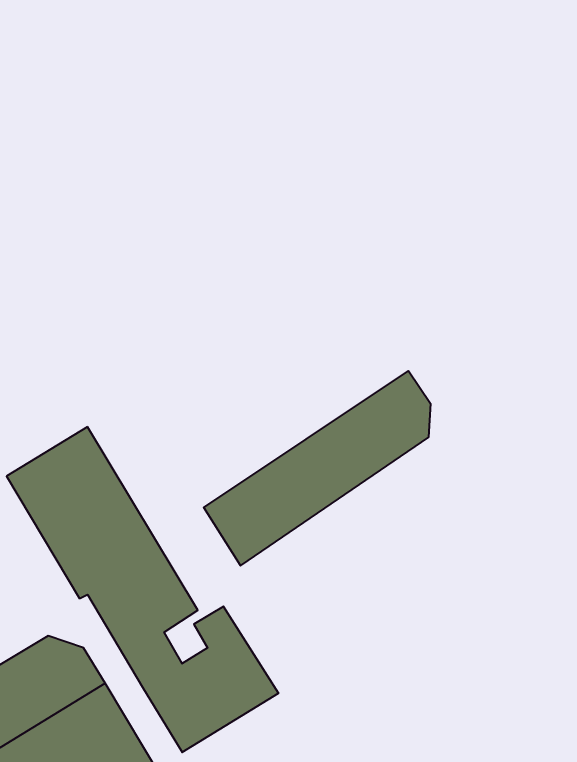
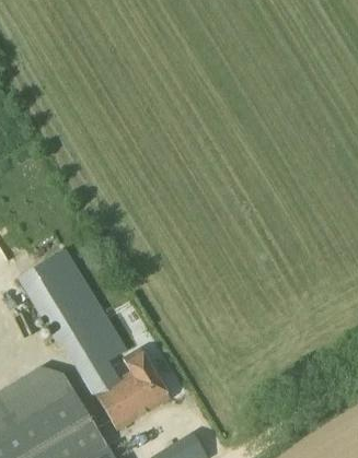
building: [204,371,430,566] -> none

